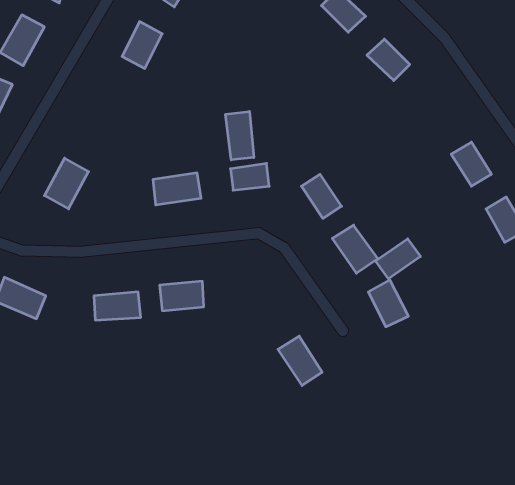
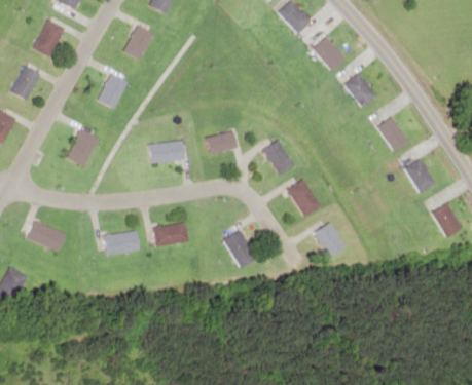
building: none -> [97,71,130,108]
building: none -> [344,72,376,106]
building: [226,111,254,160] -> none
building: [376,239,420,279] -> none
building: [278,336,322,386] -> [222,230,256,268]

